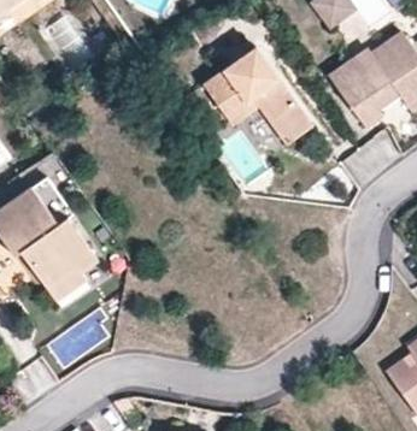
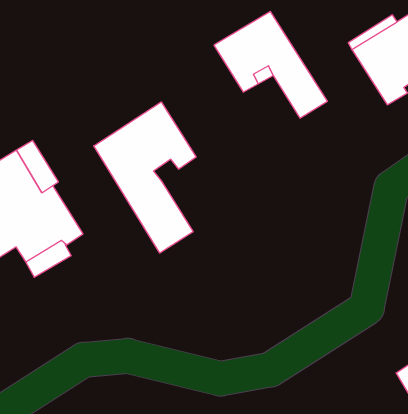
building: none -> [94,102,196,253]

